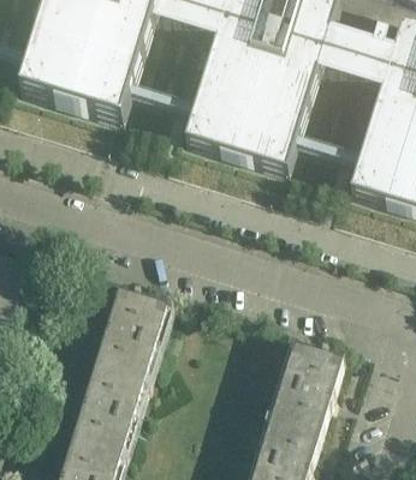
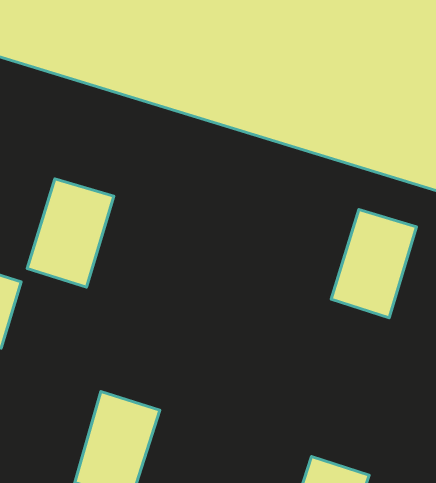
building: [96,286,168,376] -> [27,179,114,287]
building: [272,340,343,430] -> [331,209,416,318]

